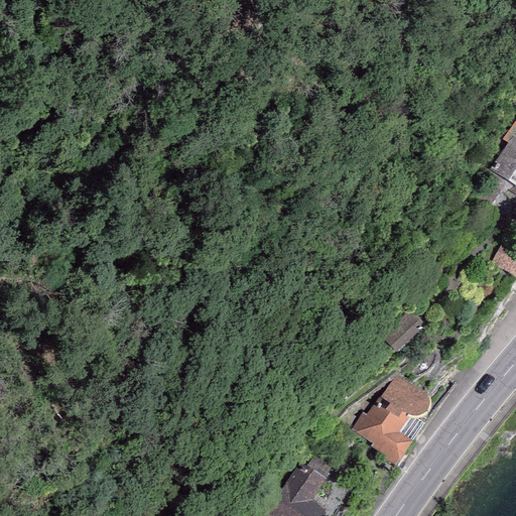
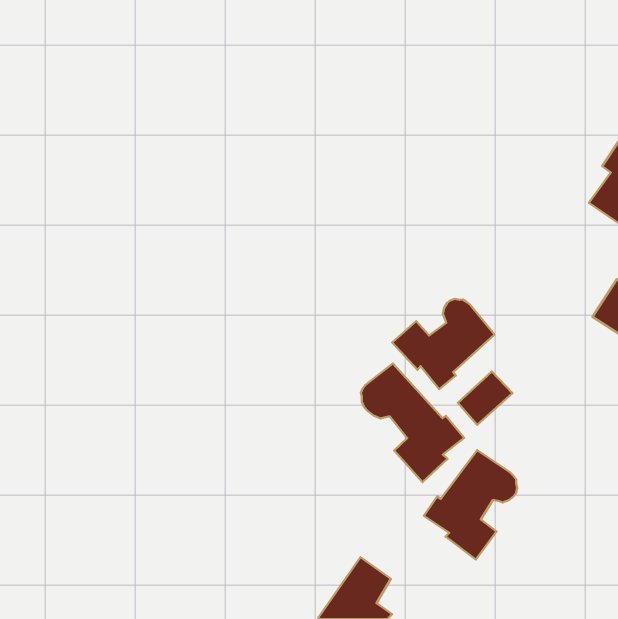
building: none -> [392,299,495,389]
building: none -> [361,363,464,482]

